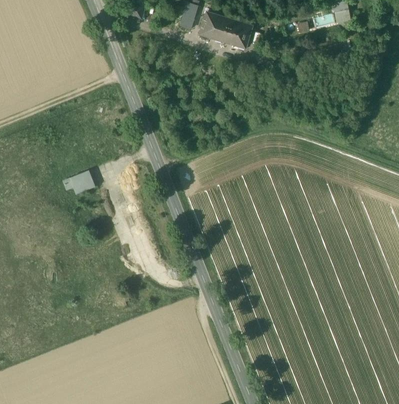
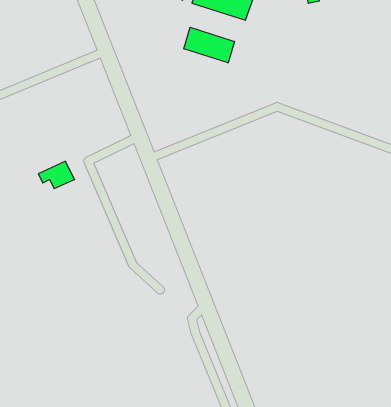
building: none -> [184,27,234,63]

